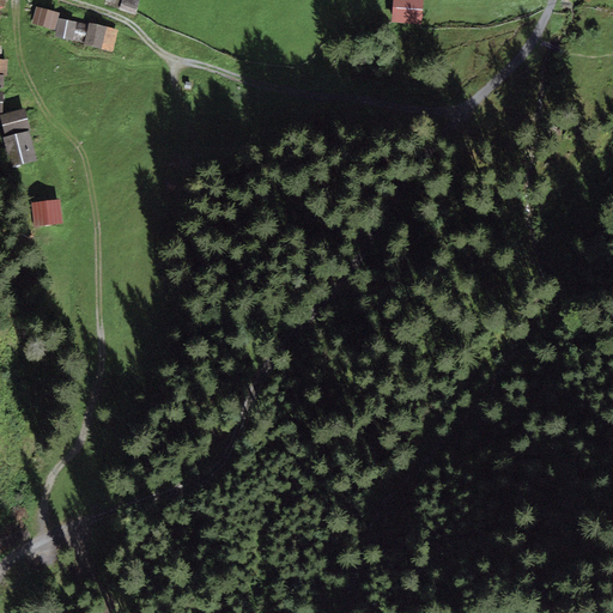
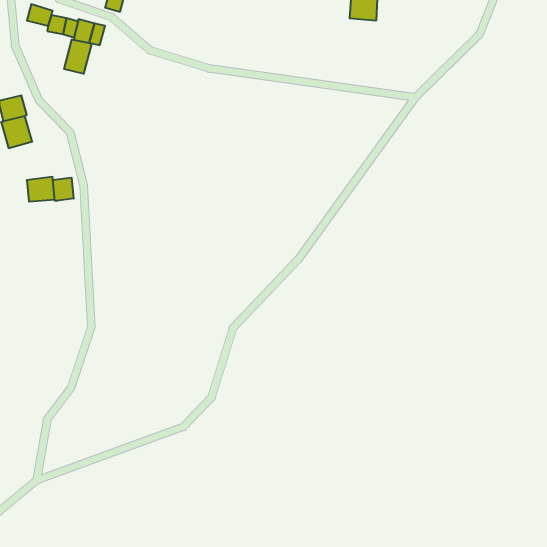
building: none -> [64,39,92,74]
building: none -> [53,178,74,201]

